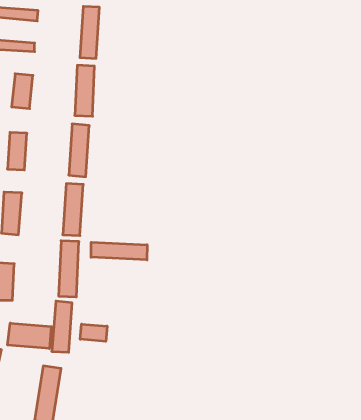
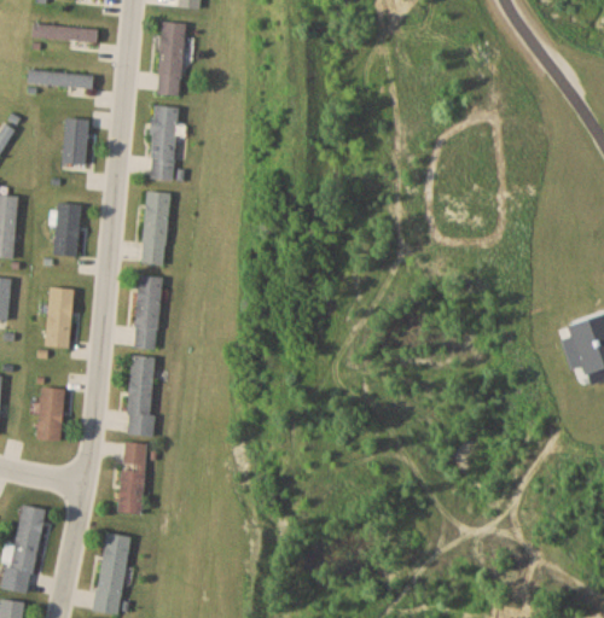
building: [91,242,147,260] -> none
building: [8,323,51,349] -> none
building: [80,324,107,341] -> none

